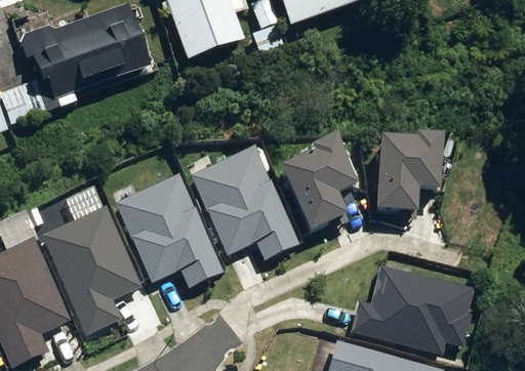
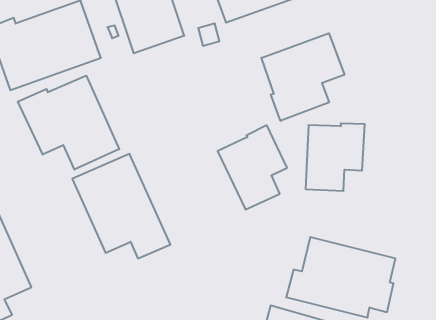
building: none -> [261,33,344,121]
building: none -> [18,76,119,170]
building: [194,143,301,259] -> none
building: [43,203,145,331] -> none

